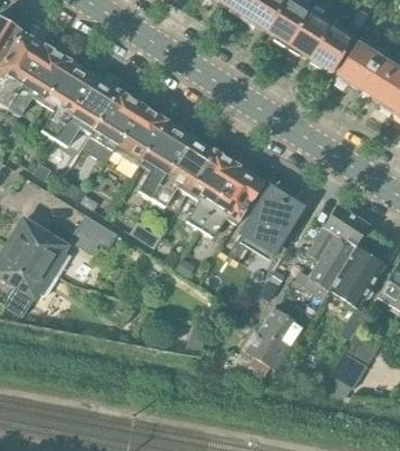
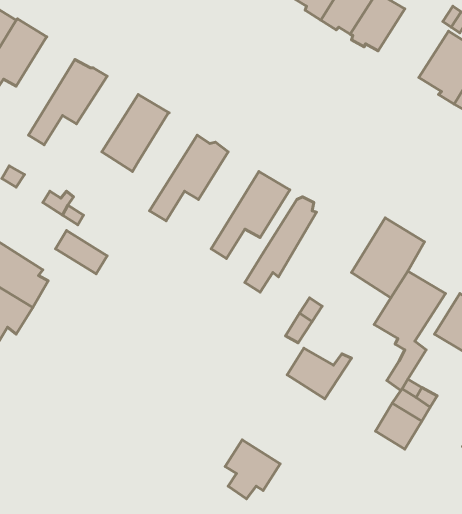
building: [336,38,389,92] -> none
building: [42,61,92,138] -> none
building: [82,90,143,163] -> none
building: [139,121,189,198] -> none
building: [187,150,240,228] -> none
building: [254,198,301,259] -> none
building: [293,247,343,300] -> none
building: [247,329,291,375] -> [225,440,280,499]

